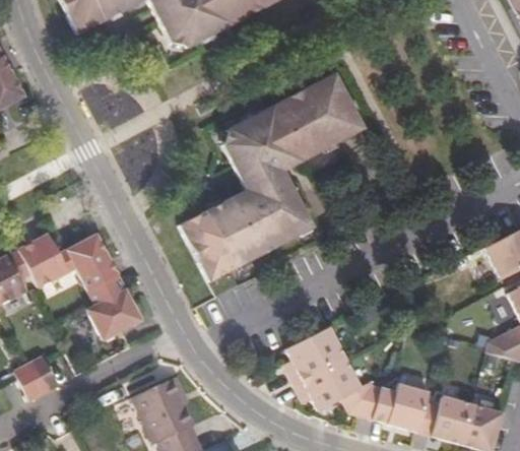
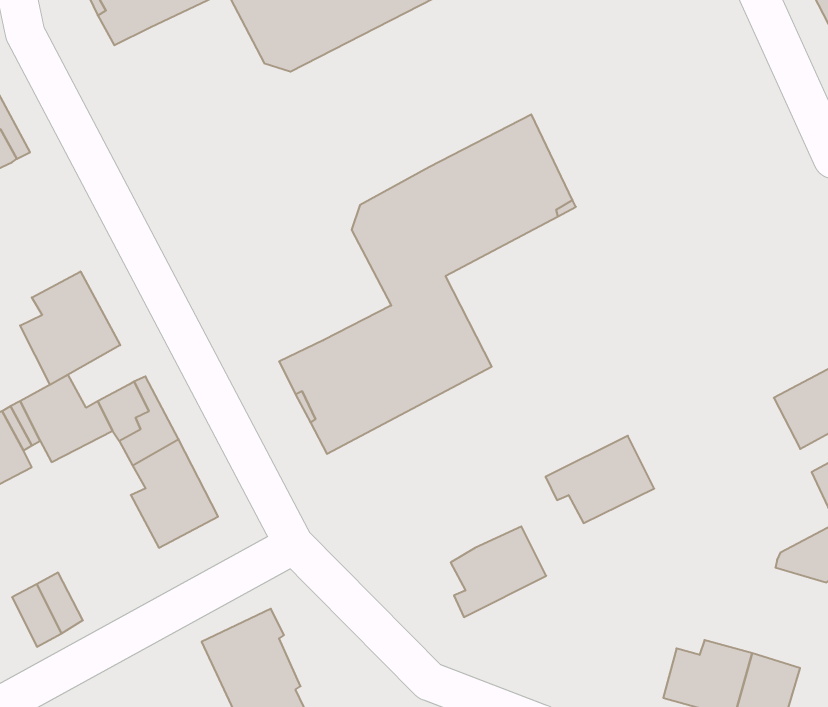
building: none -> [20,271,120,385]
building: [294,357,361,410] -> [545,436,654,523]
building: [372,387,428,432] -> none

